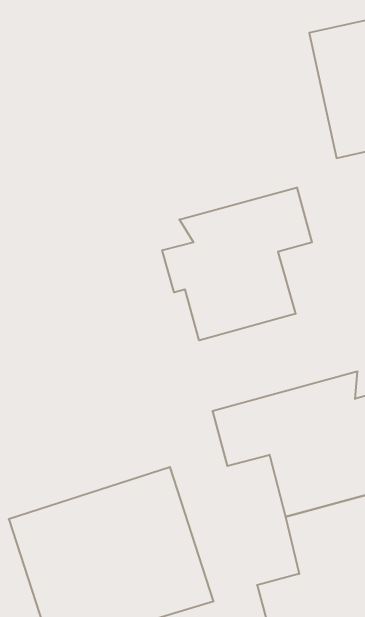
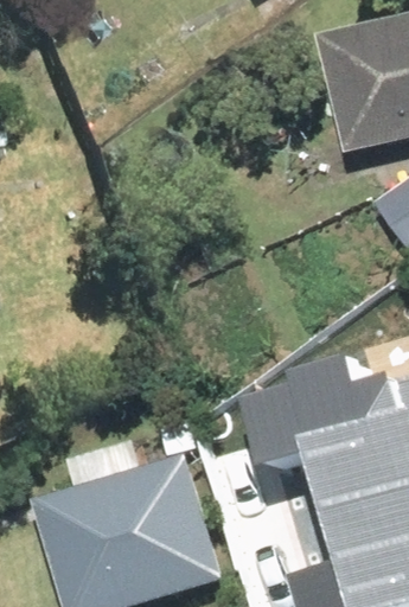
building: [162,187,312,340] -> none

